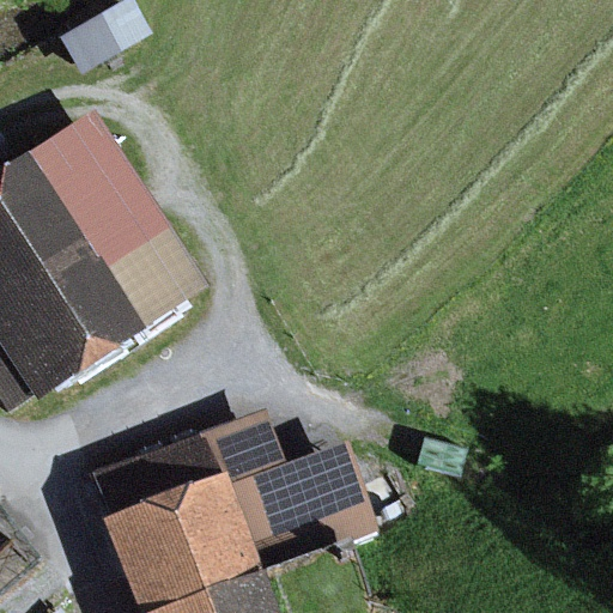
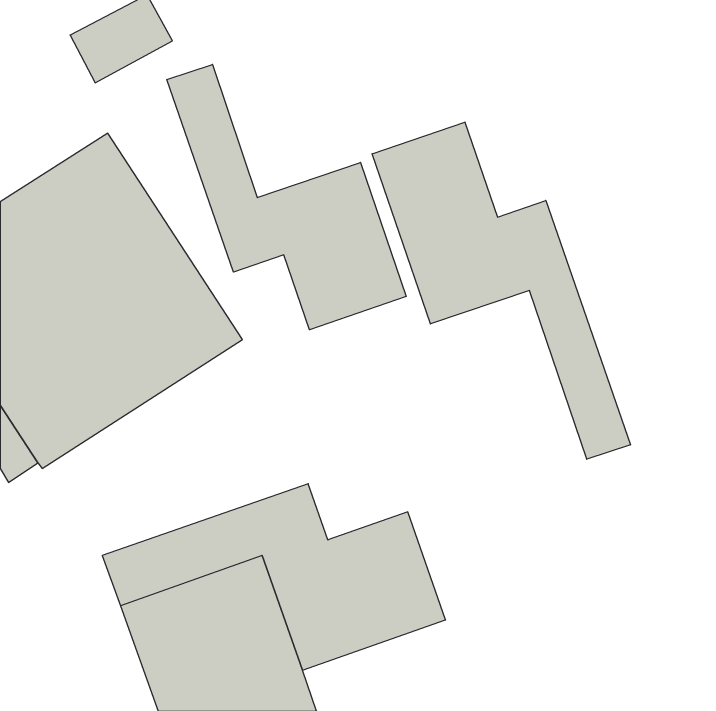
building: none -> [167,64,406,330]
building: none -> [372,122,630,459]

